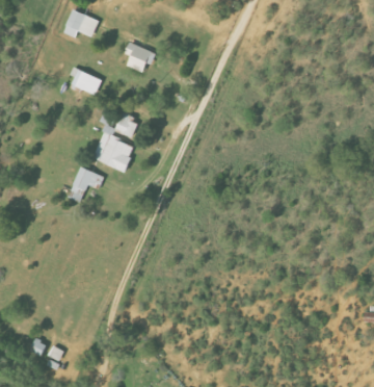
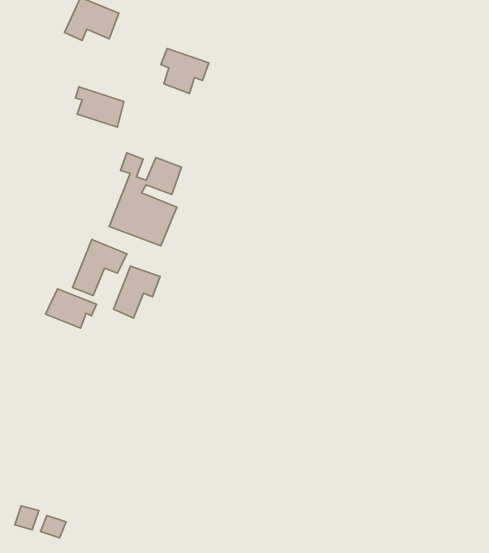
building: none -> [113,266,160,318]
building: none -> [45,289,97,328]

